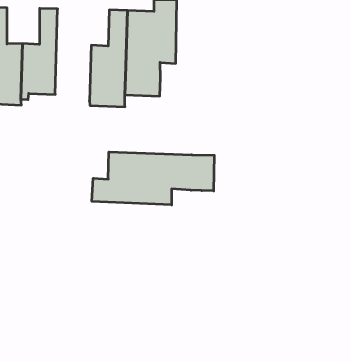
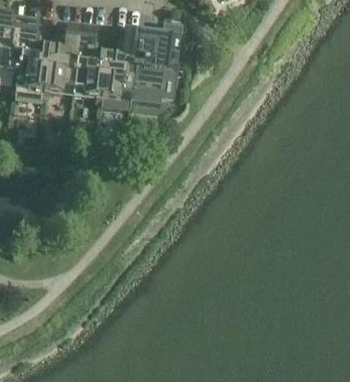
building: none -> [74,22,108,102]
building: [92,152,214,205] -> none

